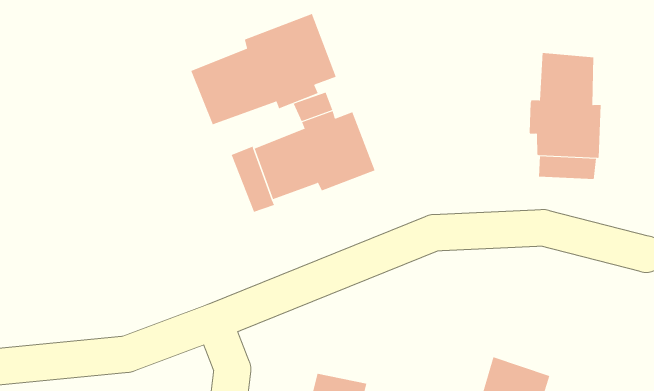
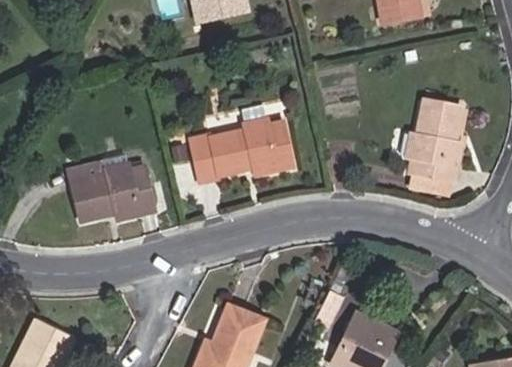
building: [190,13,337,125] -> none
building: none -> [69,164,155,222]

